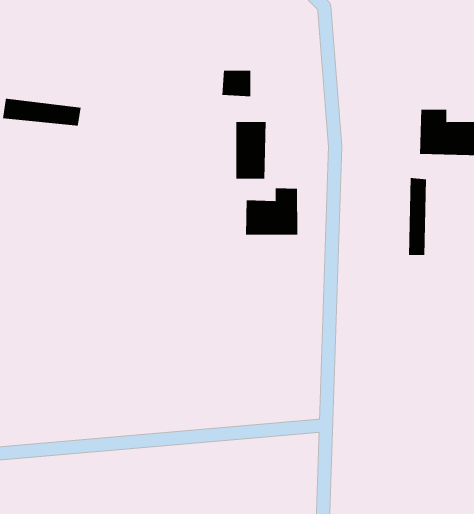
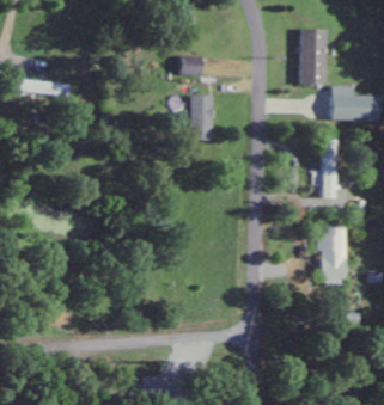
building: none -> [300,27,327,84]
building: [245,187,298,236] -> none
building: none -> [319,226,346,286]

